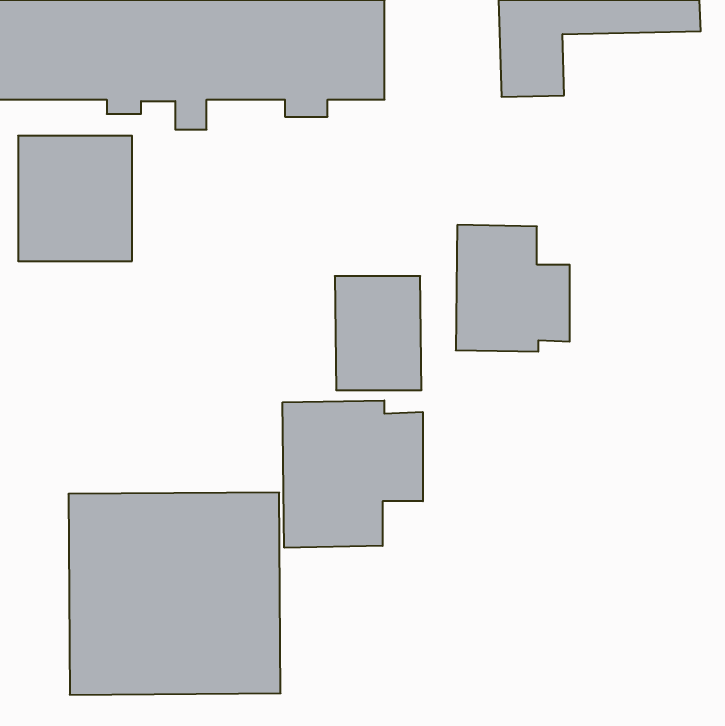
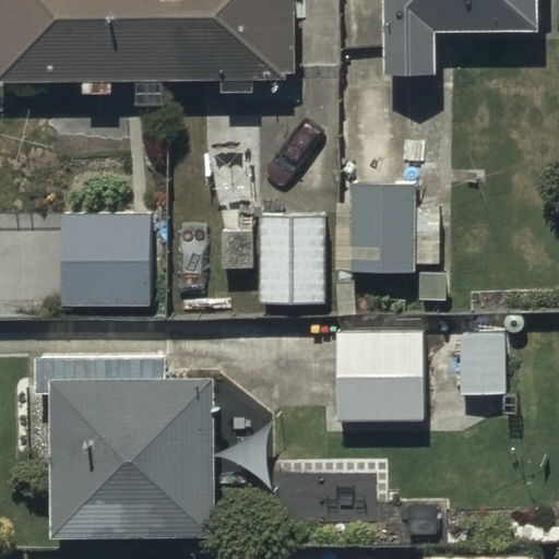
building: [18,136,132,261] -> [58,211,145,307]
building: [283,400,423,548] -> none
building: none -> [333,331,502,419]

